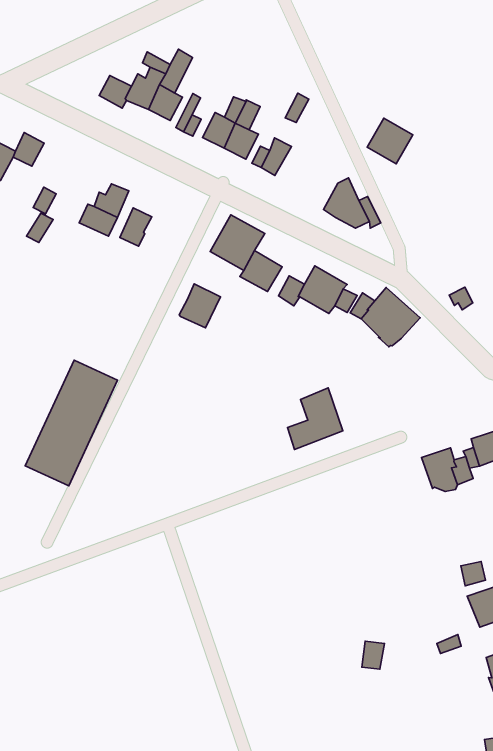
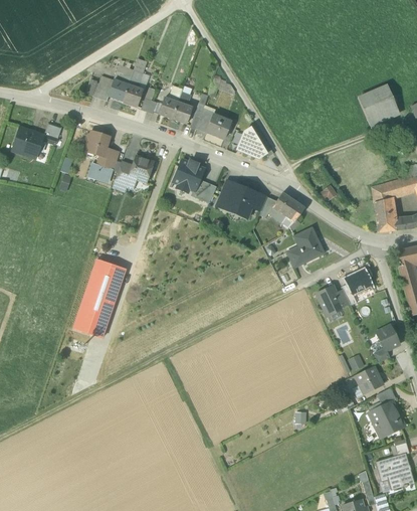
building: [367,118,413,164] -> [206,112,233,139]
building: none -> [85,131,110,155]
building: [179,284,221,328] -> [130,155,154,181]
building: [287,388,343,450] -> [288,227,323,268]

